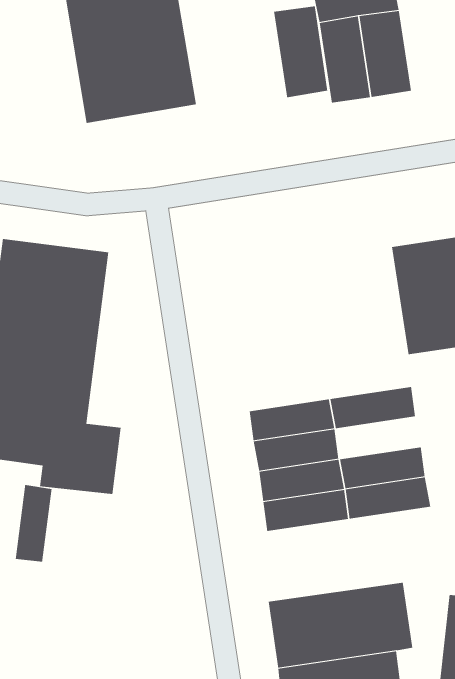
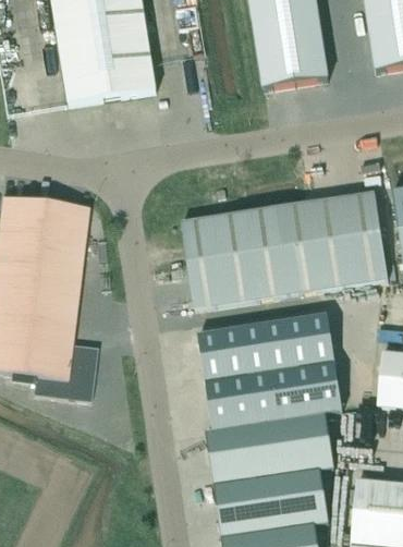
building: [274,6,328,98] -> none
building: none -> [181,202,325,307]
building: none -> [267,337,335,370]
building: [15,484,52,563] -> none
building: none -> [206,413,334,484]

